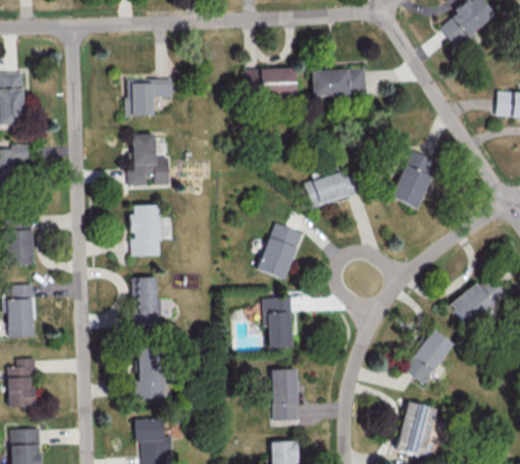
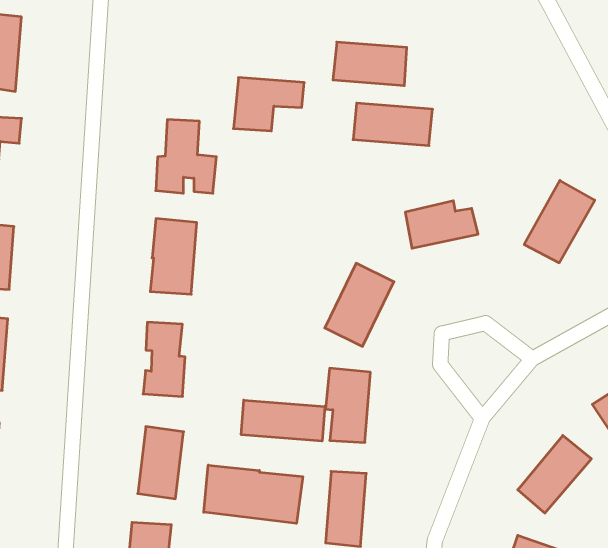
building: [313,68,366,95] -> [353,103,433,146]
building: [127,78,173,115] -> [233,78,304,131]
building: none -> [241,400,325,441]
building: none -> [204,465,303,523]

